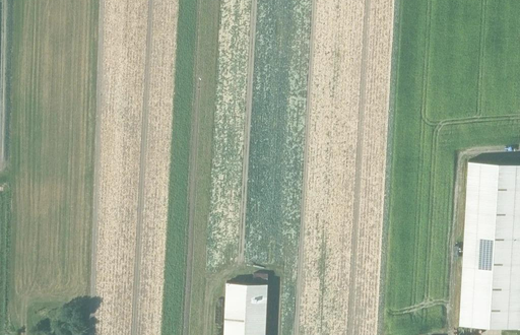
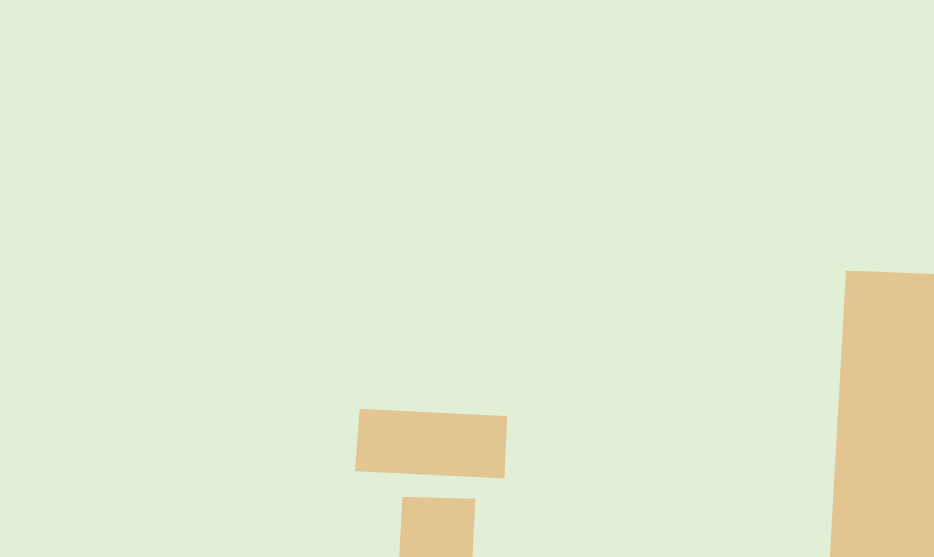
building: none -> [354,408,508,479]

